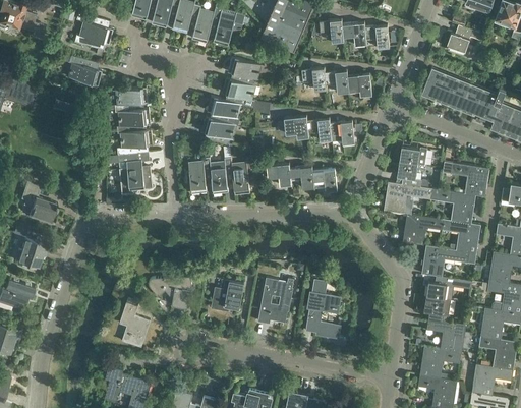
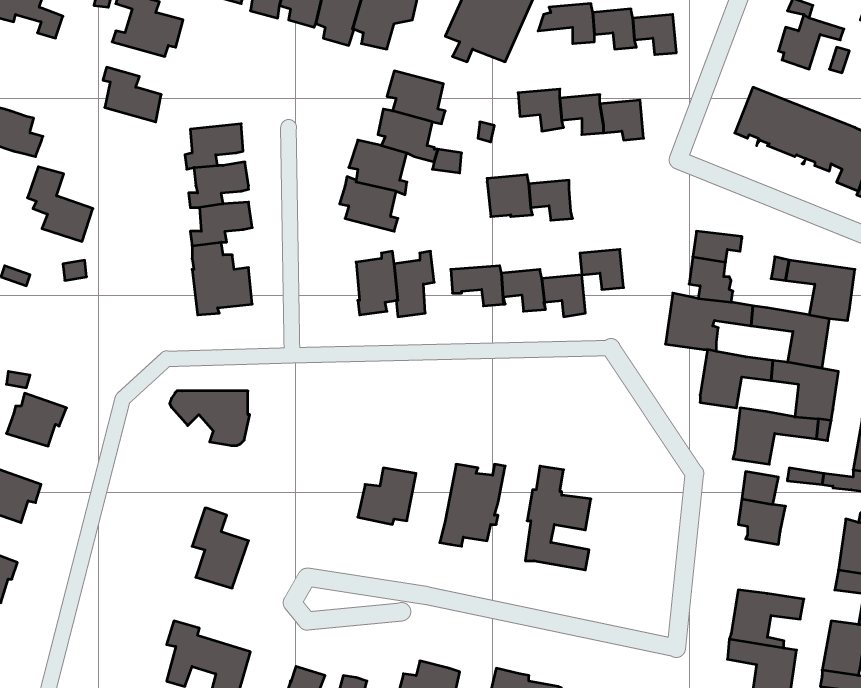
building: [330,122,354,144] -> [580,249,624,289]
building: [186,158,213,194] -> none
building: [21,181,58,223] -> [27,167,93,241]
building: [149,278,193,308] -> [170,391,250,446]
building: [426,319,465,353] -> none

